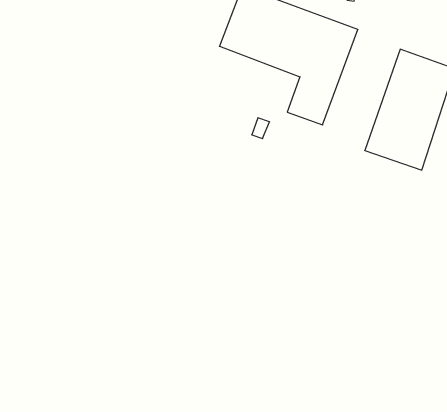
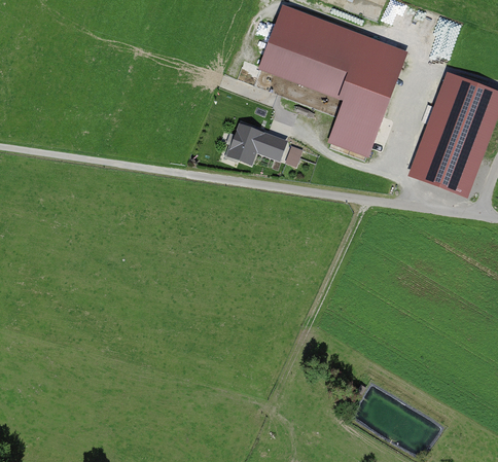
building: none -> [234,123,295,165]

